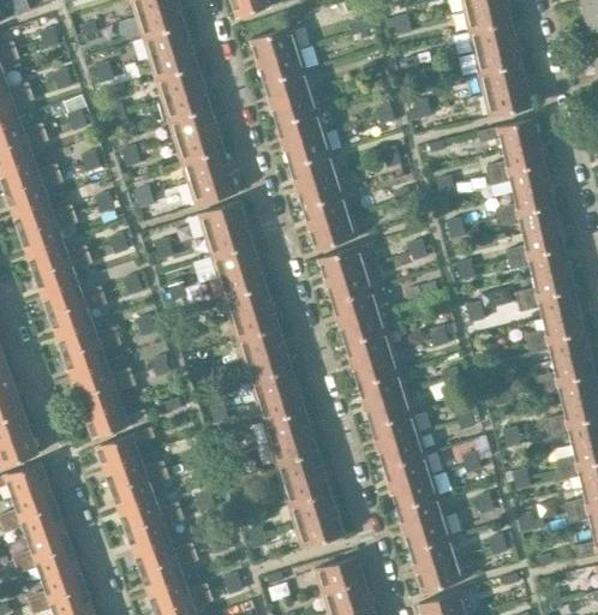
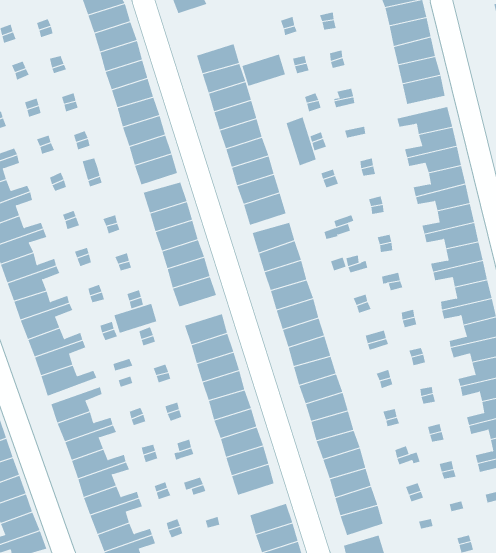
building: [250,26,299,62] -> [241,54,286,87]
building: none -> [286,116,317,166]
building: [238,327,286,360] -> [114,303,157,334]

